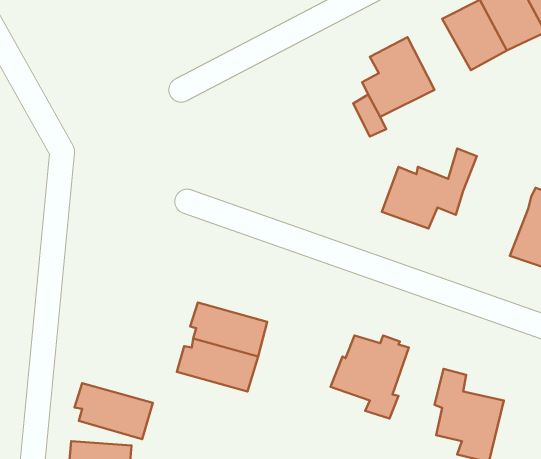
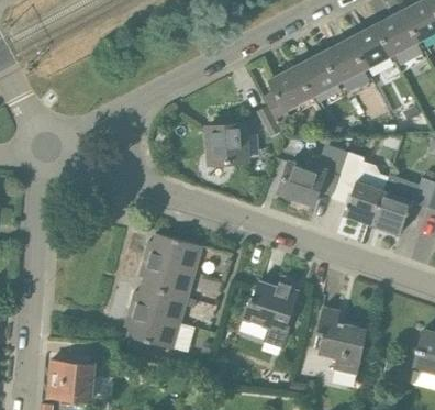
building: none -> [298,52,344,103]
building: none -> [209,112,248,162]
building: none -> [338,152,388,224]
building: none -> [145,233,203,273]
building: [74,383,153,439] -> [124,309,181,350]

